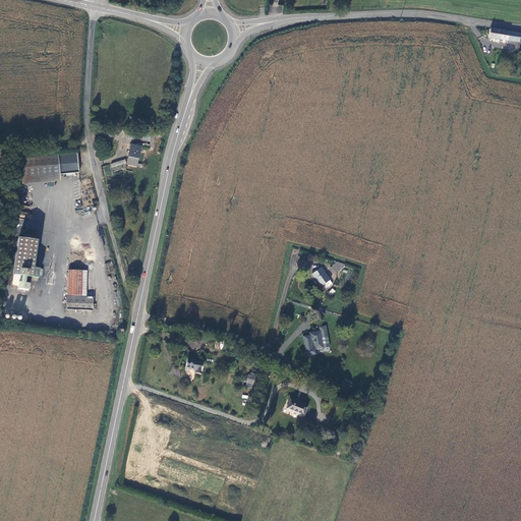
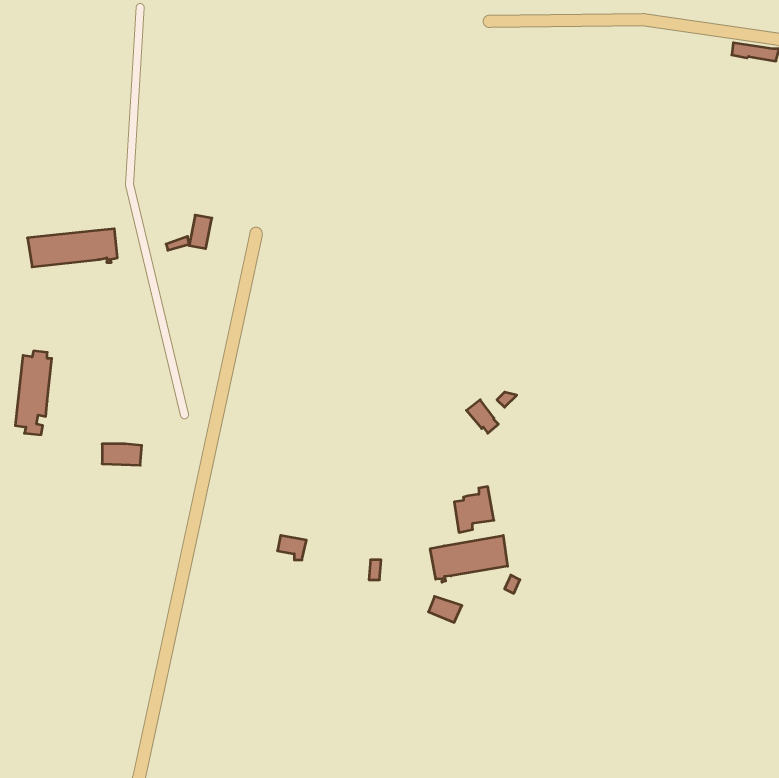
building: [68,270,84,296] -> none
building: none -> [430,535,508,582]

